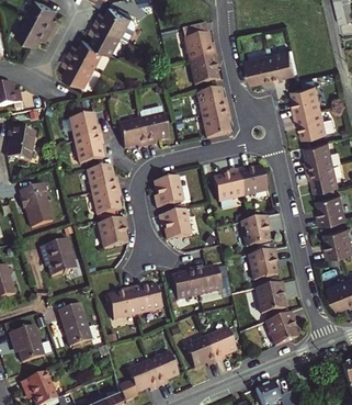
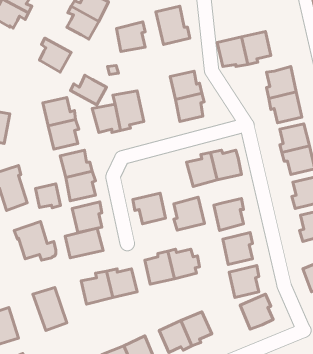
building: [69,40,105,69] -> [70,75,107,105]
building: [188,55,216,85] -> [117,22,145,52]
building: [152,176,183,209] -> [174,197,205,230]
building: none -> [36,184,61,208]
building: none -> [65,228,103,258]

